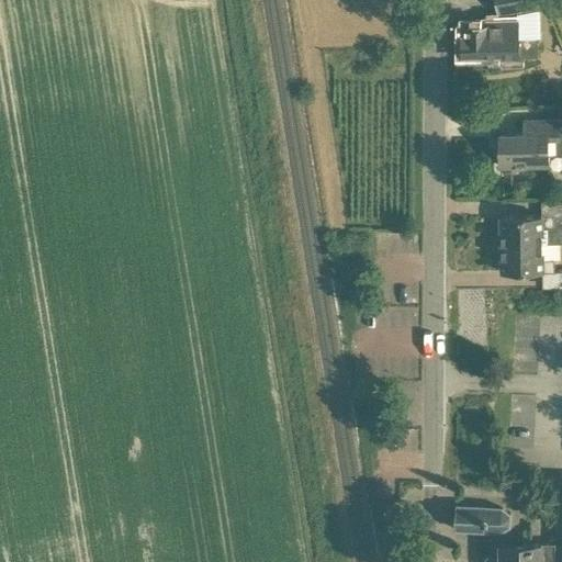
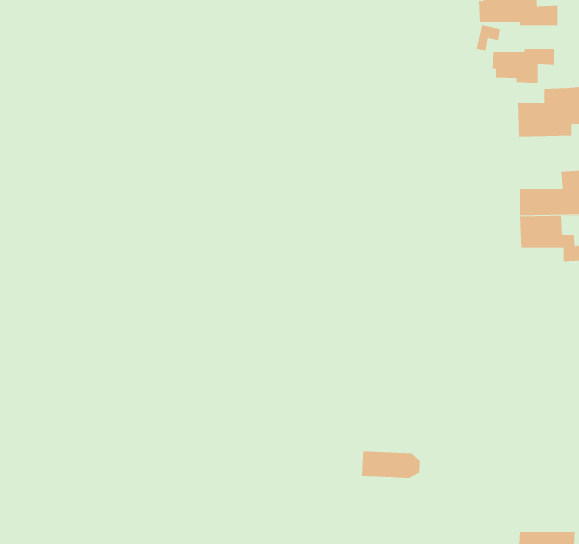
building: none -> [492,48,554,84]
building: [452,507,509,533] -> [361,451,421,478]

